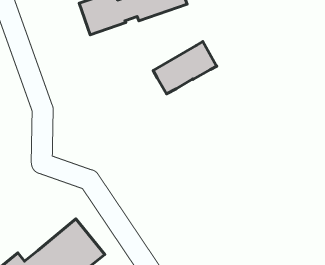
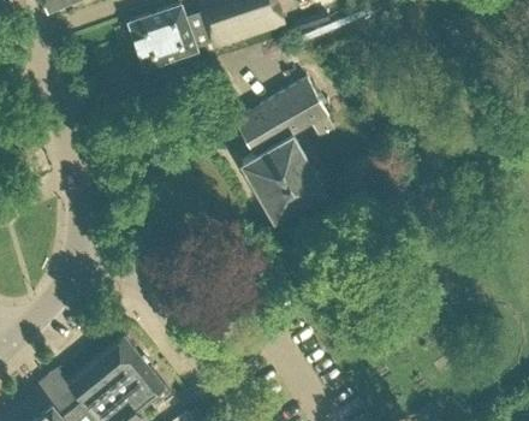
building: none -> [240,131,322,217]

